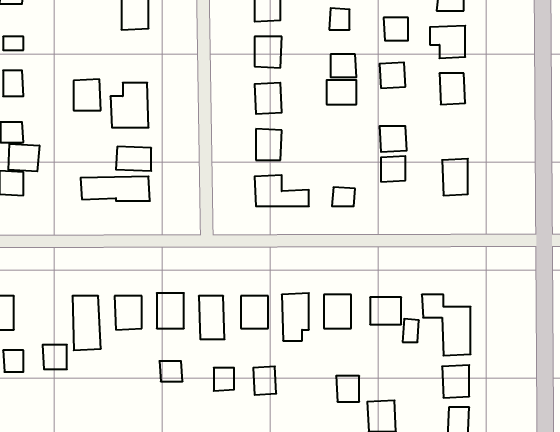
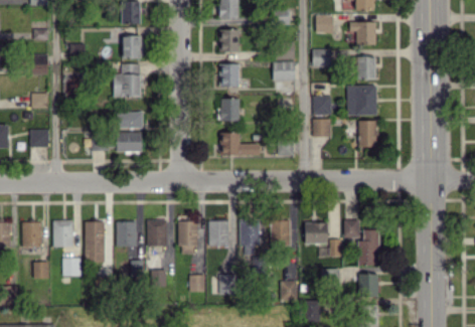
building: [74,79,101,110] -> [122,35,142,58]
building: none -> [346,85,377,115]
building: [8,144,39,171] -> none
building: none -> [52,219,73,247]

